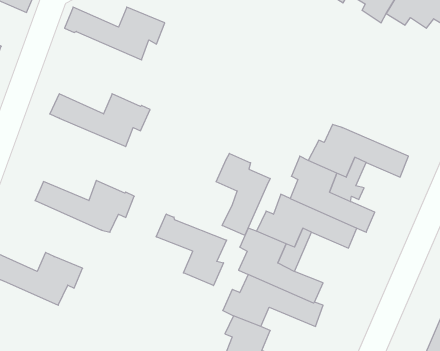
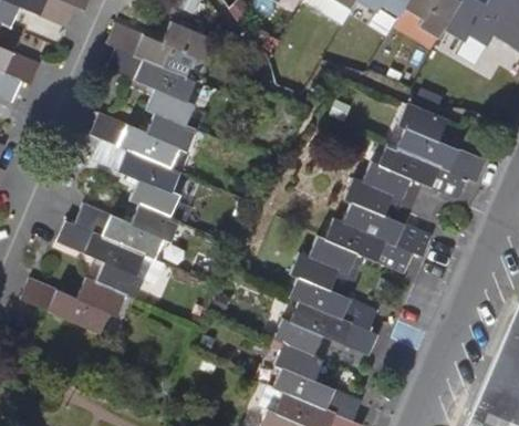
building: none -> [108,48,196,126]
building: none -> [397,104,486,183]
building: none -> [92,138,179,217]
building: [216,153,270,235] -> none
building: none -> [56,221,145,300]
building: [156,214,227,286] -> none

